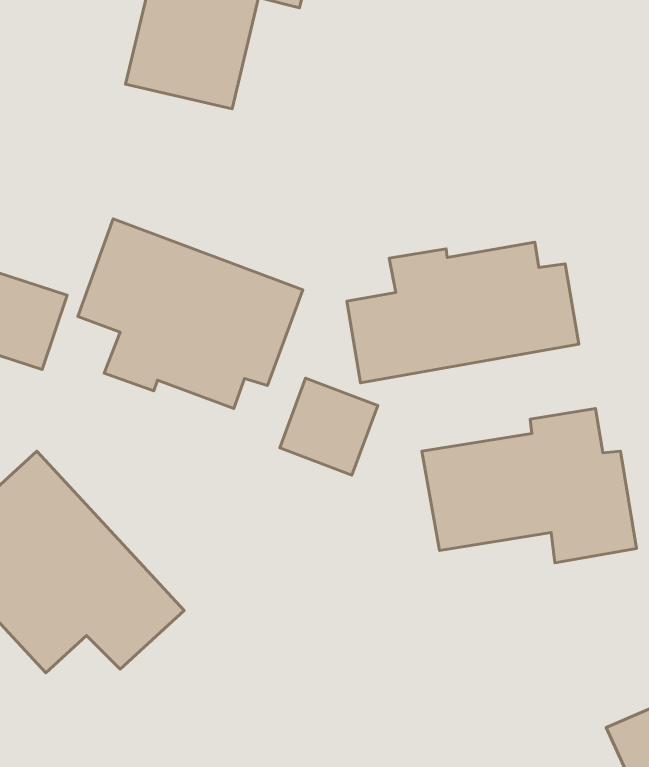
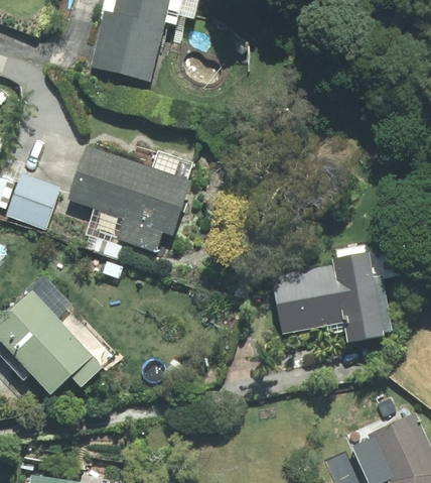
building: [347,242,579,383] -> none
building: [280,378,378,475] -> none

